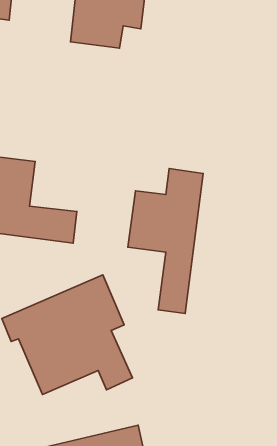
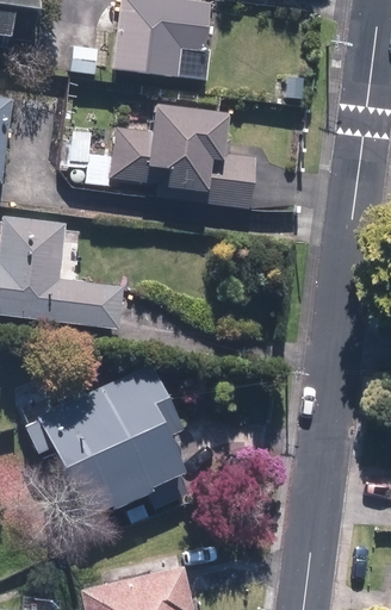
building: none -> [111,107,256,210]
building: [128,169,203,314] -> none

